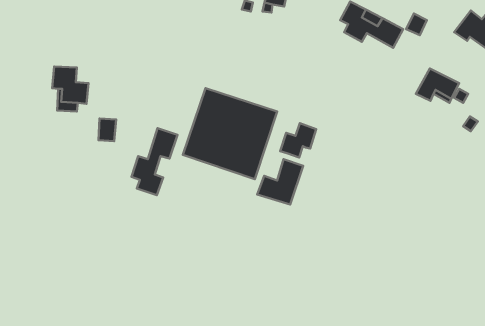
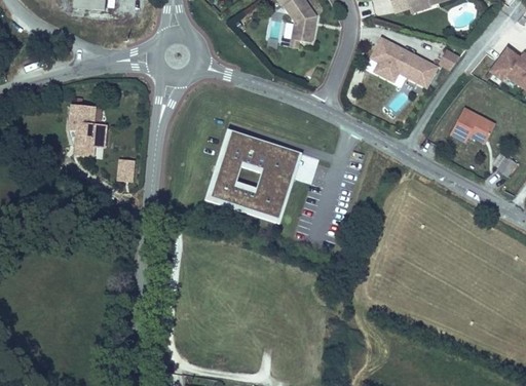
building: [280,123,316,157] -> none
building: [132,128,177,195] -> none
building: [257,159,303,204] -> none

